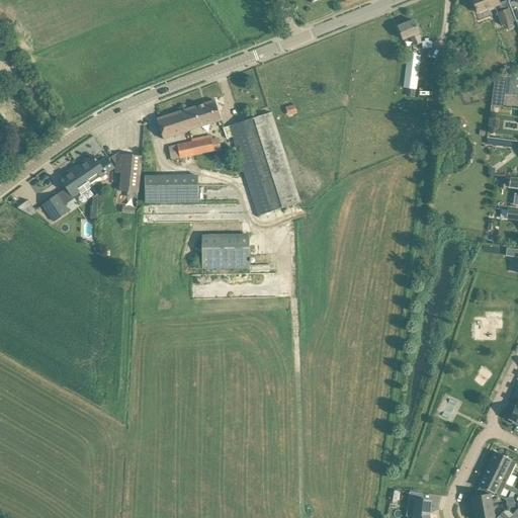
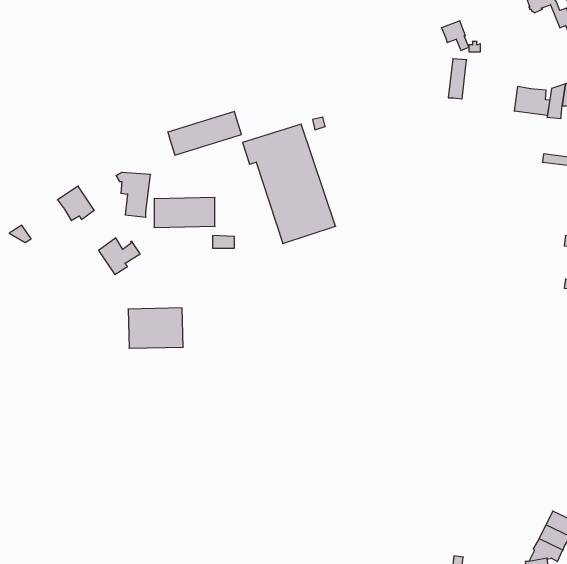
building: none -> [515,86,550,116]
building: [176,134,220,157] -> none
building: [77,154,113,186] -> [99,238,140,275]
building: [41,193,68,220] -> none
building: [200,233,249,268] -> [128,308,183,348]

